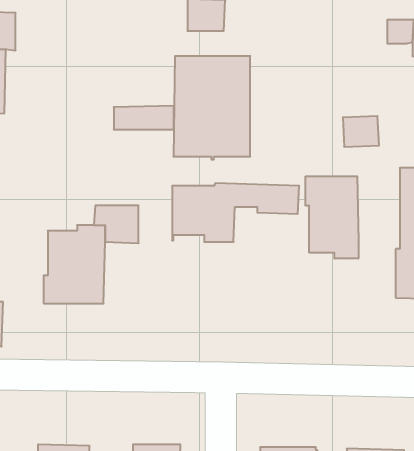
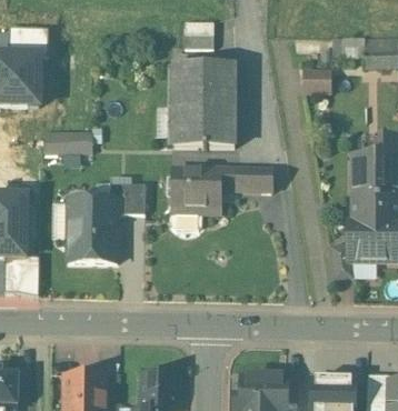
building: [114,106,174,130] -> [43,131,91,150]
building: [343,116,379,147] -> [299,67,328,91]
building: [306,176,358,259] -> none

